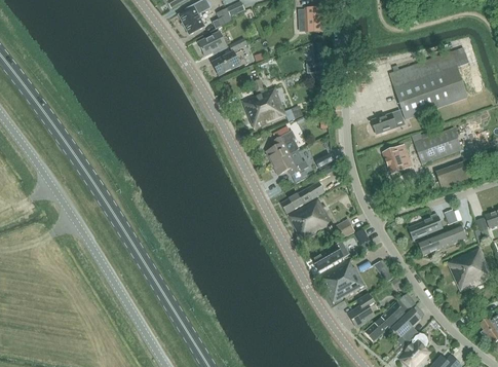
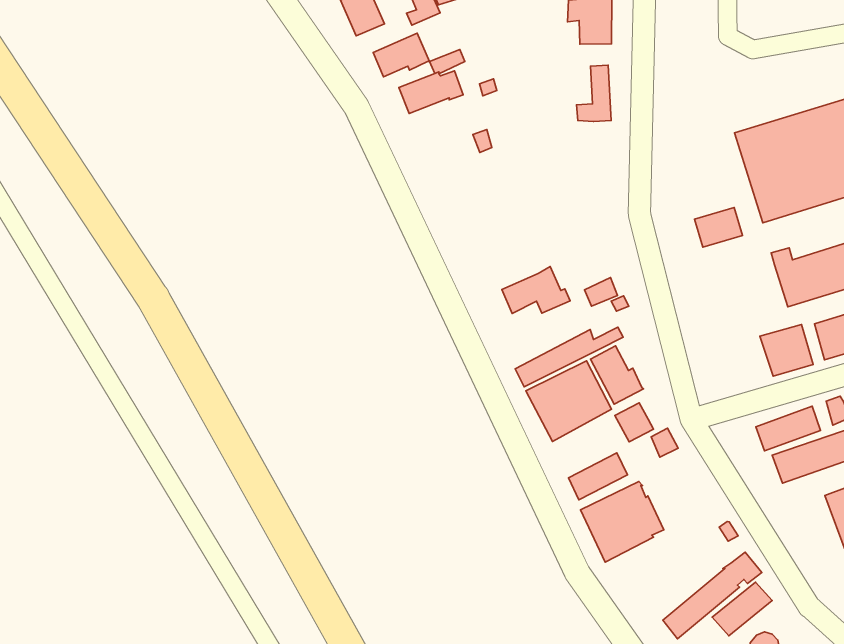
building: [241,87,305,129] -> none
building: [266,131,299,162] -> none
building: [383,145,412,173] -> [760,325,813,376]
building: none -> [590,346,644,404]
building: [349,293,375,326] -> none

